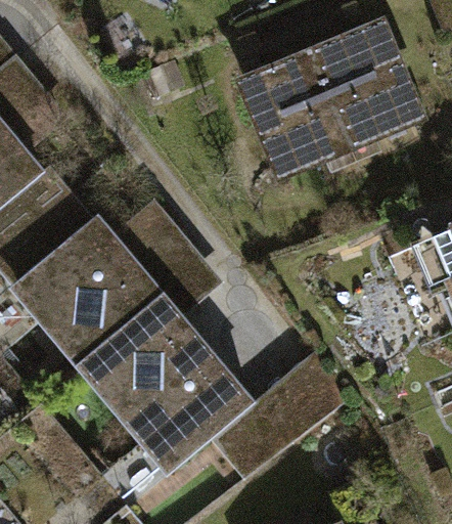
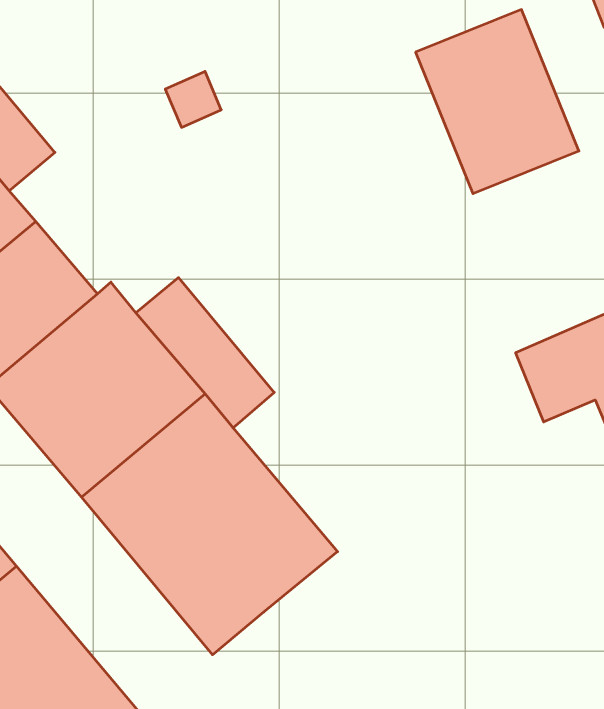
building: [236,53,351,182] -> none
building: [206,362,336,484] -> none

